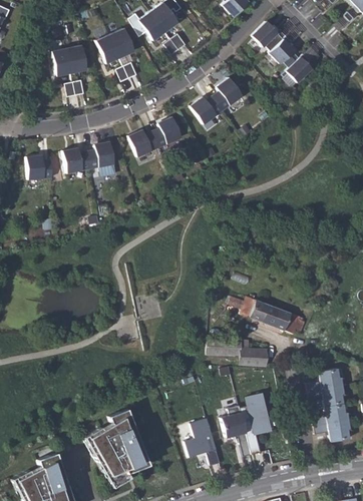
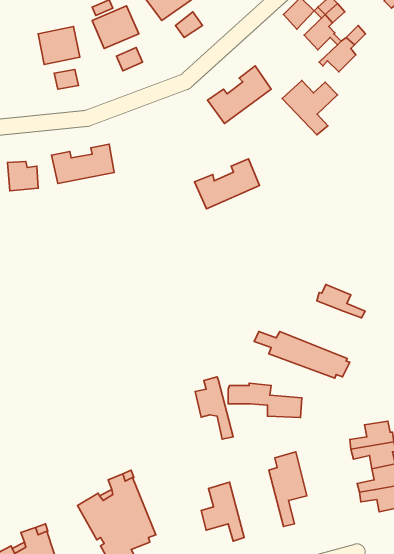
building: none -> [282,81,338,135]
building: [128,116,182,157] -> [194,159,259,209]
building: none -> [317,285,365,318]
building: [222,405,253,456] -> [195,377,233,439]

